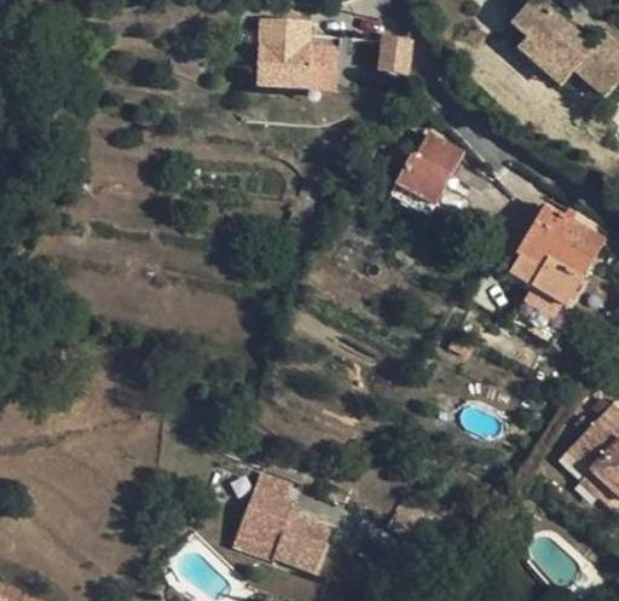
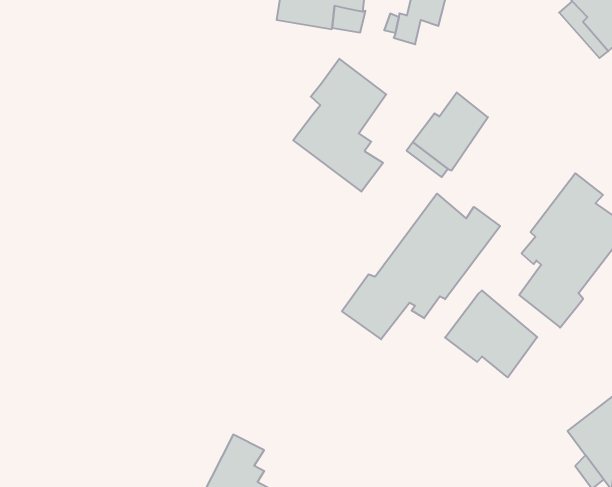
building: none -> [293,59,386,192]
building: none -> [342,194,500,339]
building: none -> [445,290,537,377]

